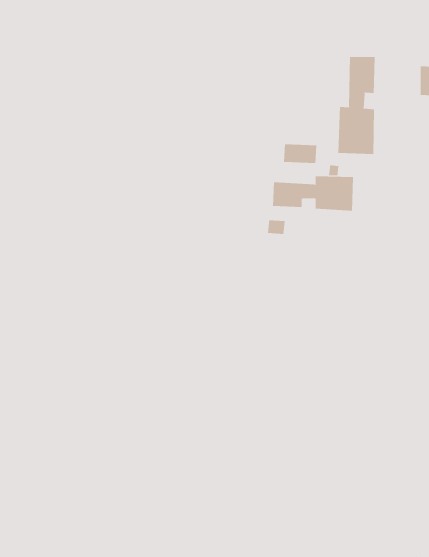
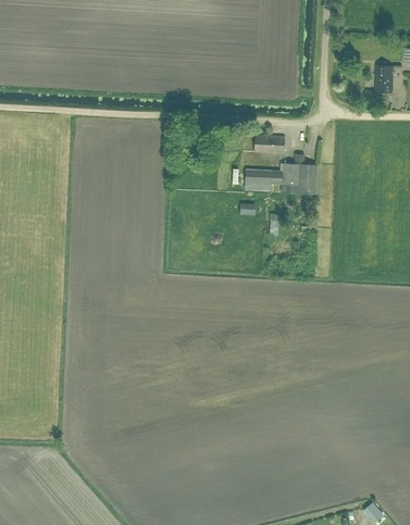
building: [338,56,375,155] -> none

